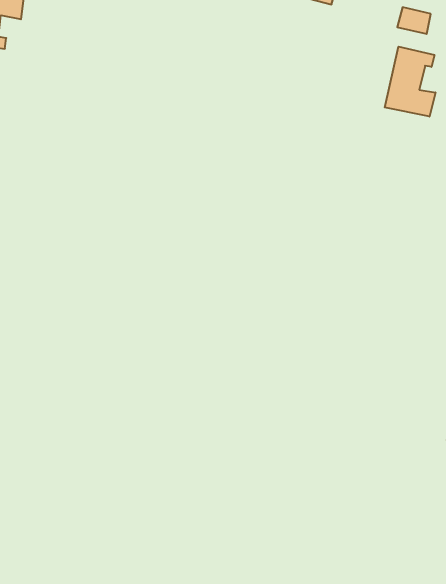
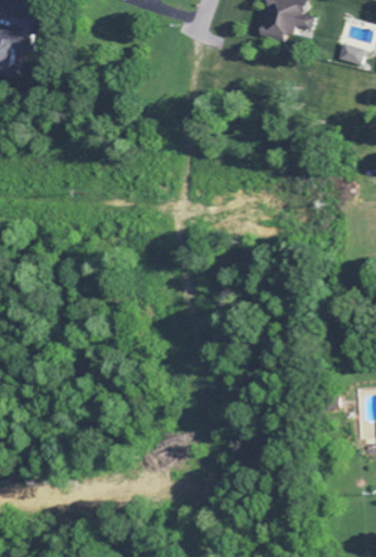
building: [385,47,435,117] -> none

